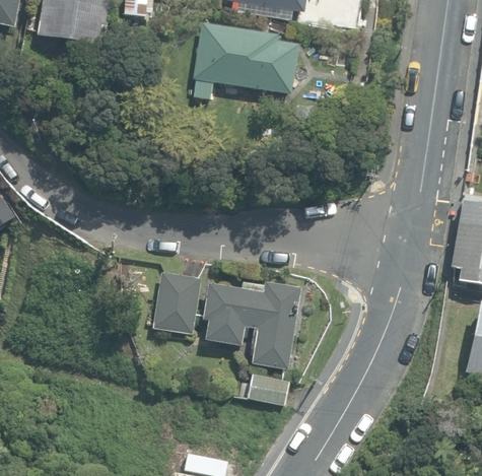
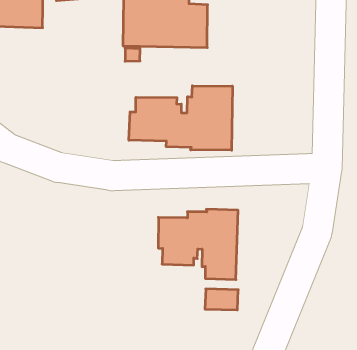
building: none -> [129,86,232,150]
building: [154,272,201,334] -> none

